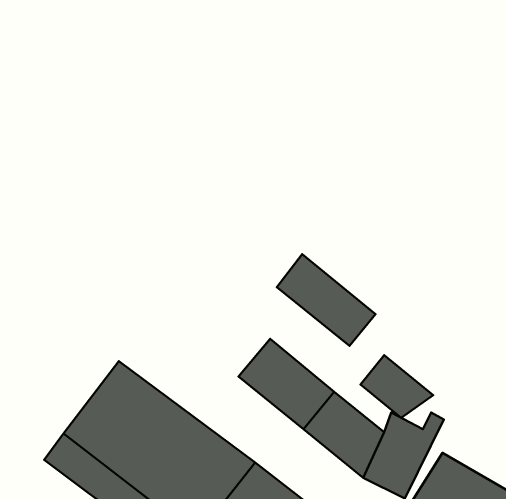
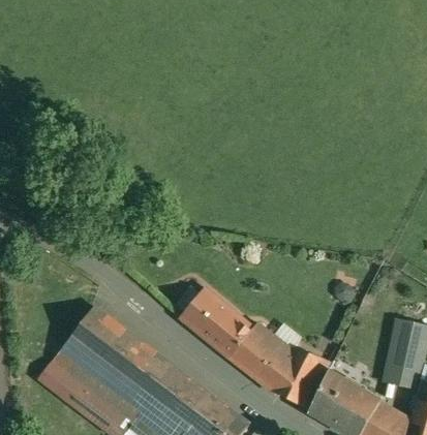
building: [277,254,375,346] -> none
building: [360,355,433,418] -> none

